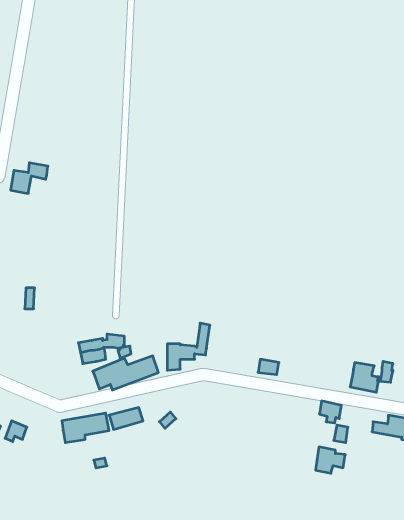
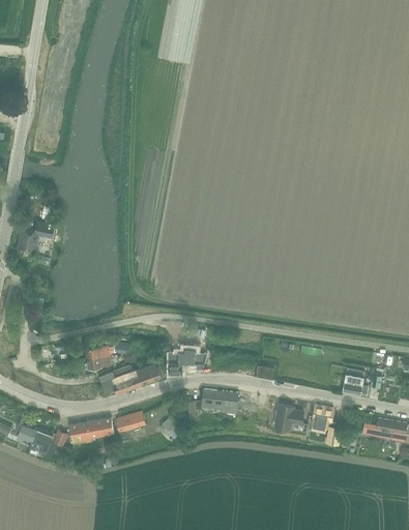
building: [11,163,48,193] -> [19,222,54,251]
building: none -> [181,389,238,419]
building: none -> [29,430,67,454]
building: [316,447,345,473] -> [274,404,302,429]

